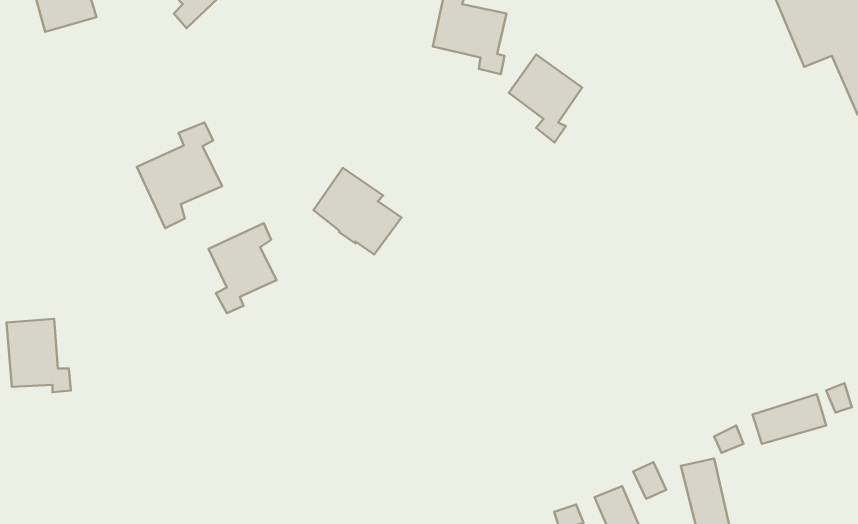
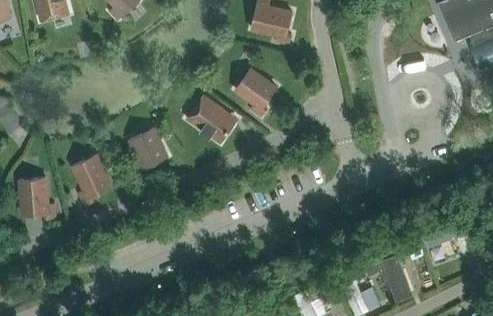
building: [509,54,582,143] -> [235,69,275,117]
building: [137,122,222,228] -> none
building: none -> [72,155,111,205]

